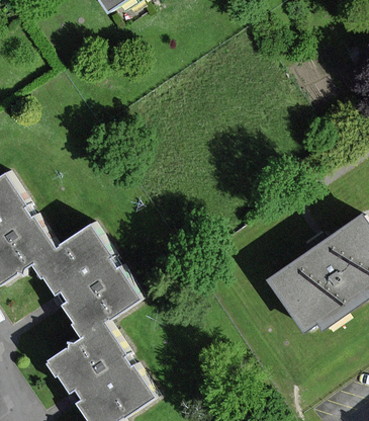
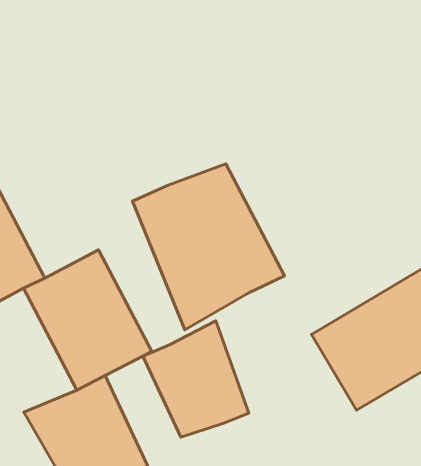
building: none -> [133,164,285,330]
building: none -> [143,321,249,437]

